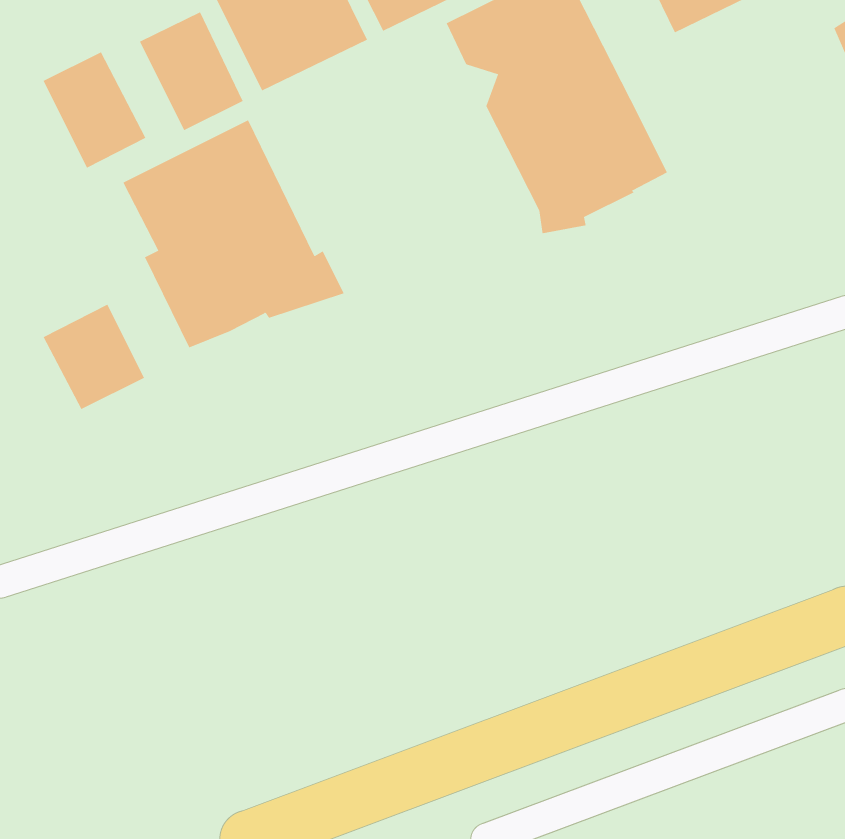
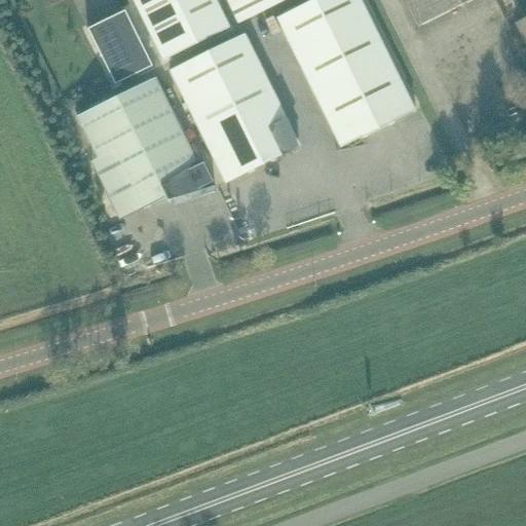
building: none -> [171,31,300,179]
building: [43,51,146,169] -> none
building: [43,304,145,410] -> none

